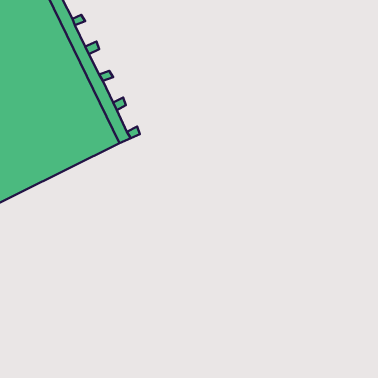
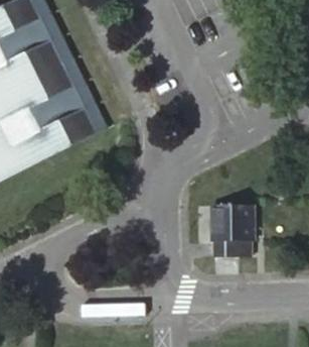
building: none -> [210,204,251,255]

